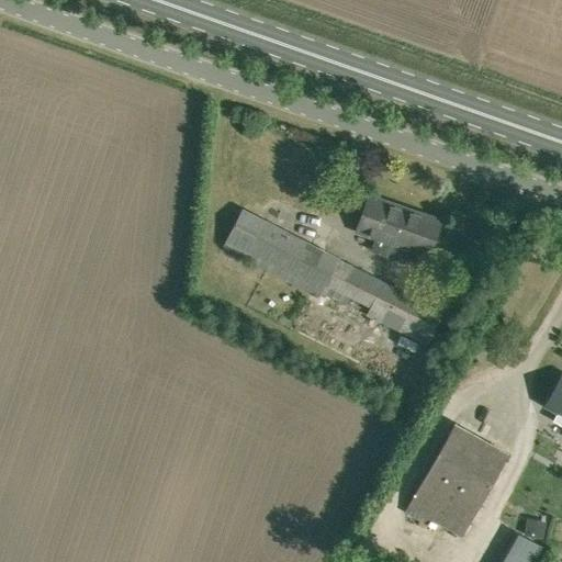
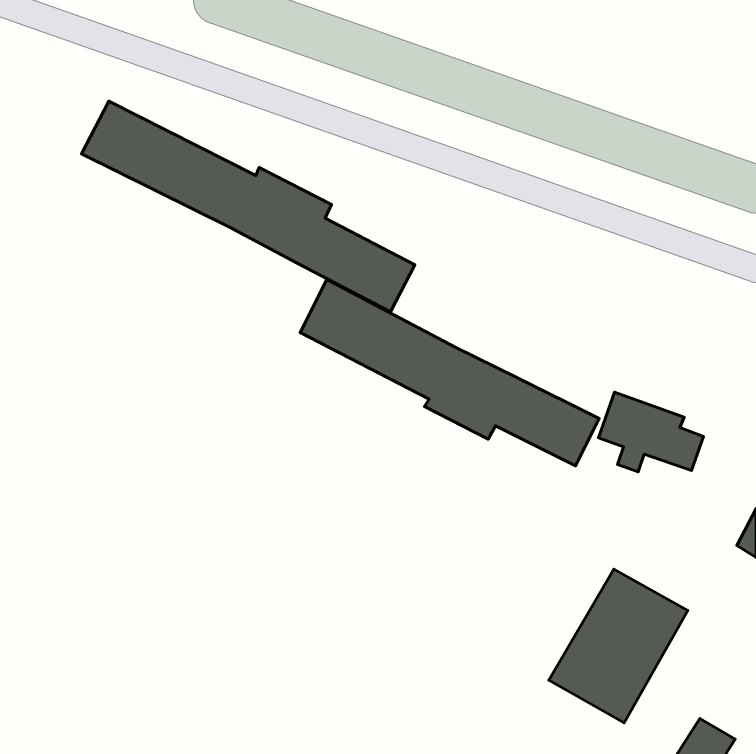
building: none -> [81,101,415,312]
building: [358,198,436,257] -> [598,392,703,472]

